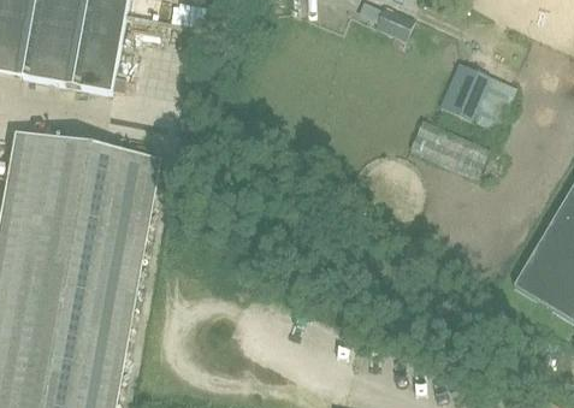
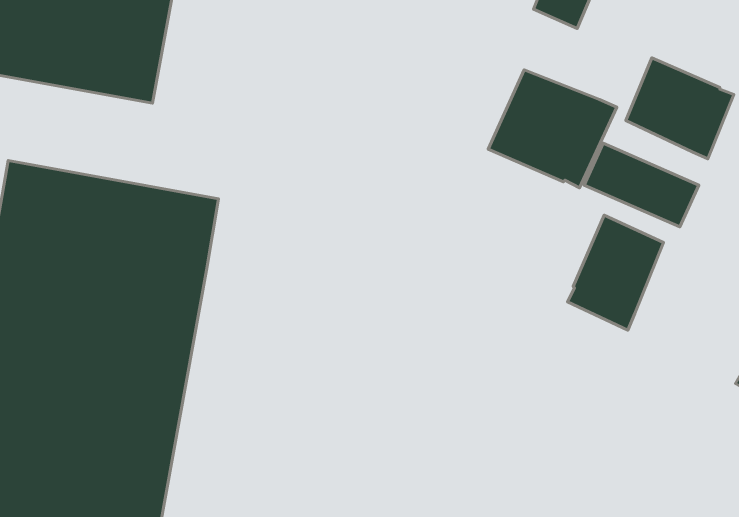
building: none -> [488,70,617,188]
building: none -> [567,215,664,330]

